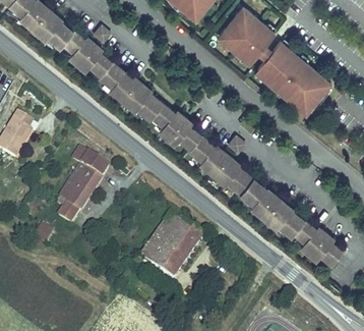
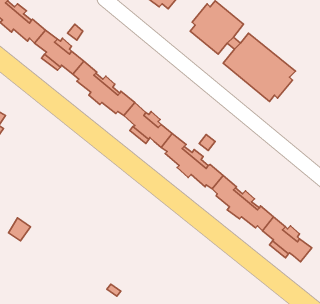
building: [53,145,108,223] -> none
building: [139,209,203,275] -> none

